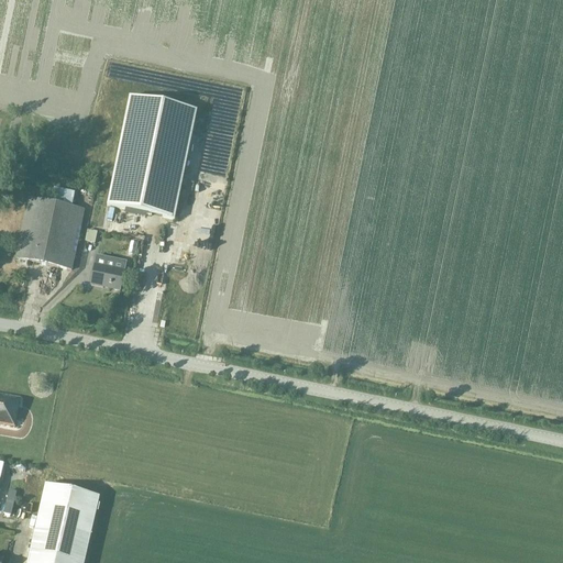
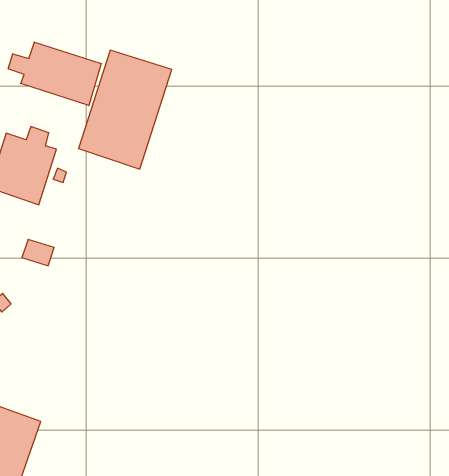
building: none -> [8,42,101,106]
building: [91,261,124,286] -> [22,239,54,266]

